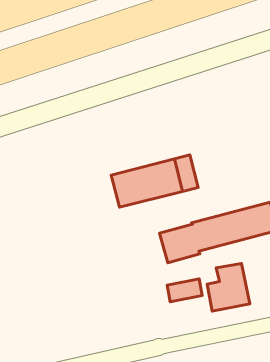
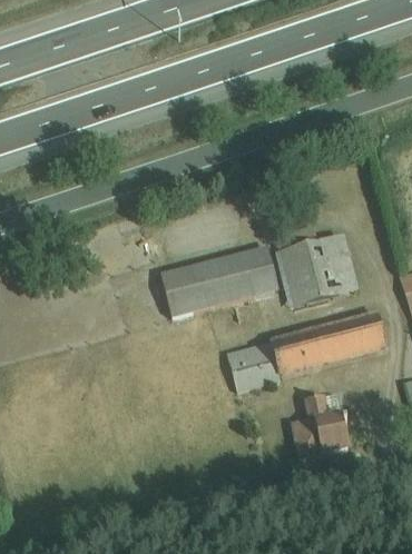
building: none -> [273,224,359,309]
building: [167,279,202,302] -> none

